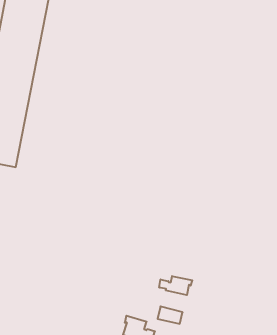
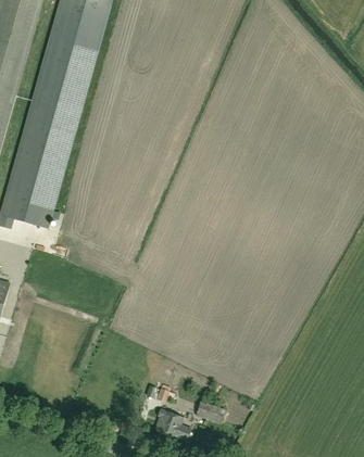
building: [159,276,192,295] -> none

